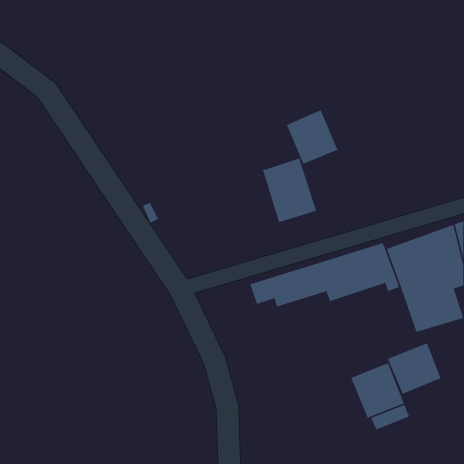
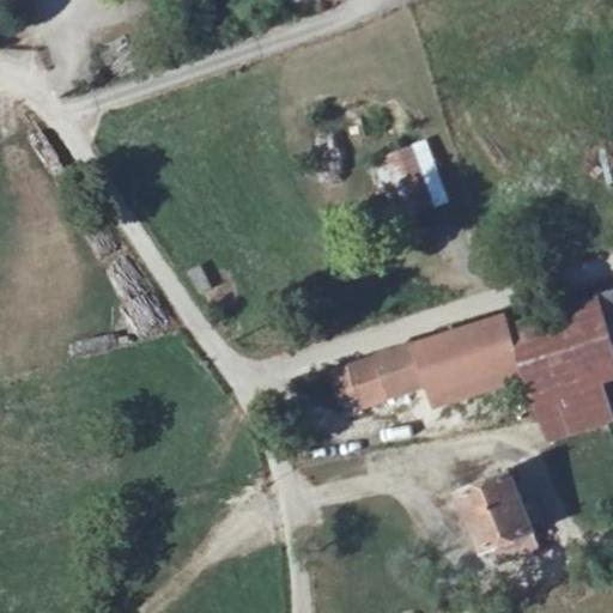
building: [262,158,317,223] -> none
building: [387,342,442,395] -> none

